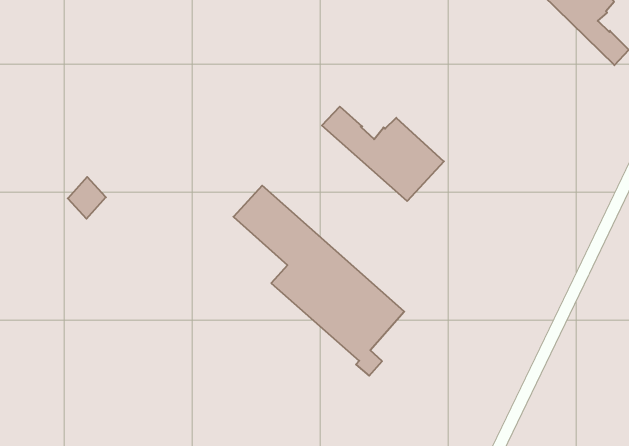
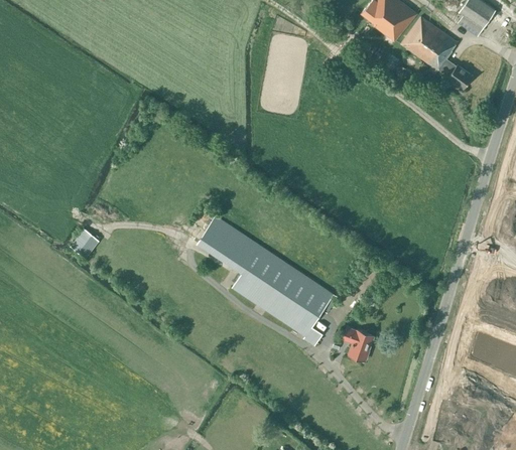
building: [322,107,444,201] -> none
building: none -> [342,326,374,360]

